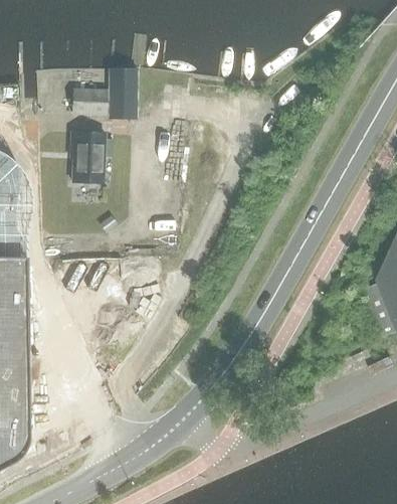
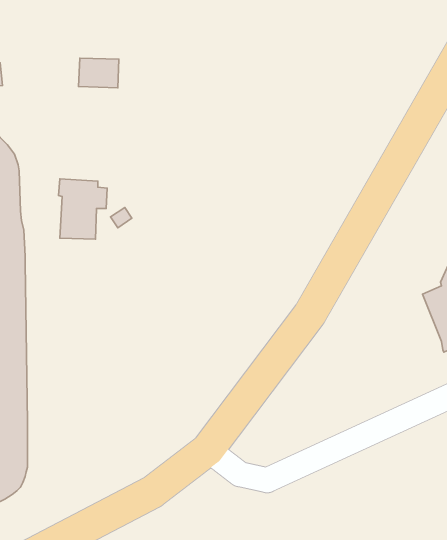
building: [111,68,133,113] -> none
building: [70,130,112,181] -> [59,179,107,239]

